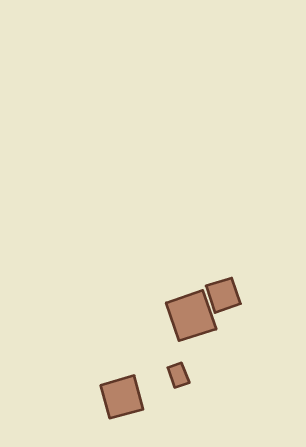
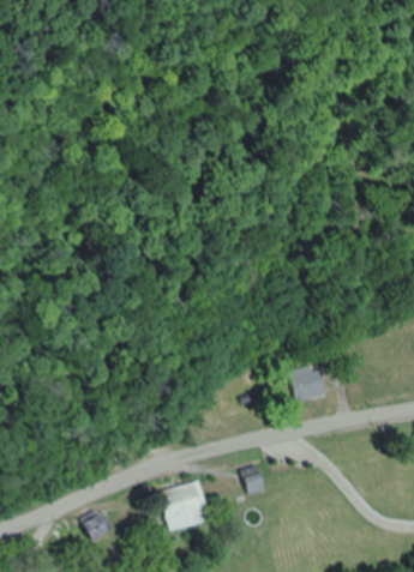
building: [166,290,216,341] -> none
building: none -> [82,508,114,541]

